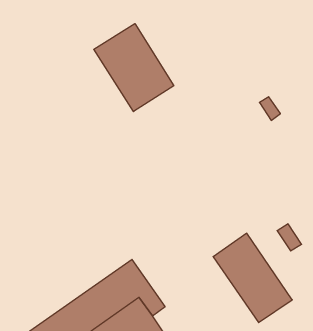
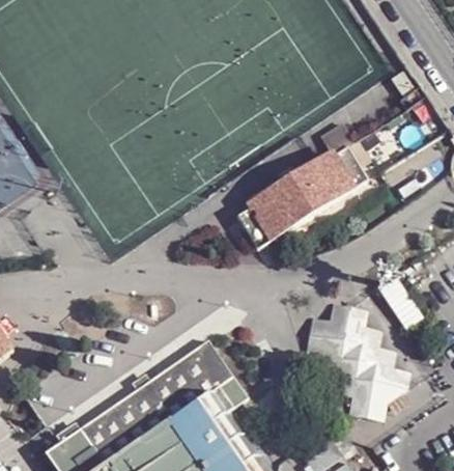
building: [94,24,174,112] -> none
building: none -> [231,146,363,249]

